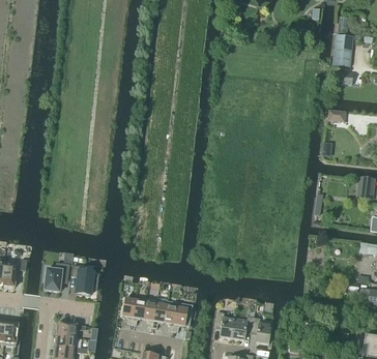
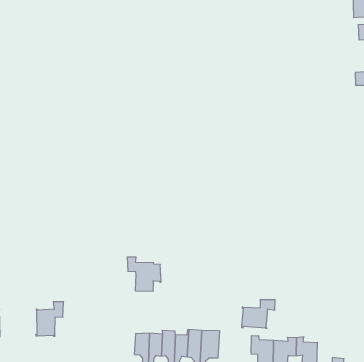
building: [73,264,99,294] -> [127,257,161,291]
building: none -> [242,299,275,328]

